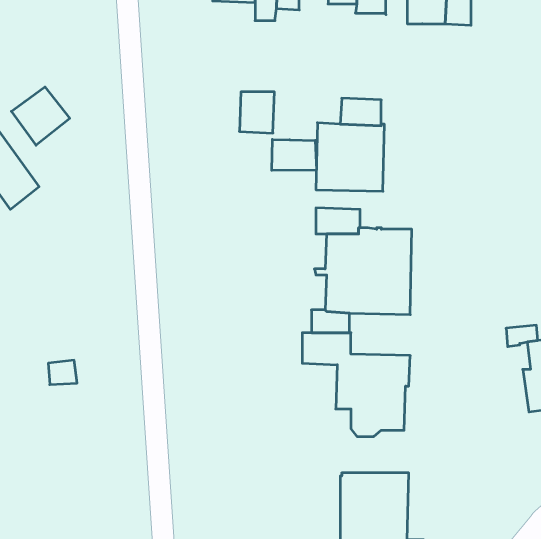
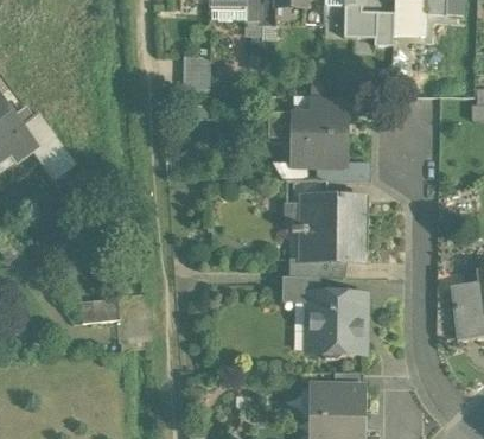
building: [11,87,70,145] -> none
building: [239,92,274,133] -> [183,56,210,88]
building: [272,139,316,170] -> none

